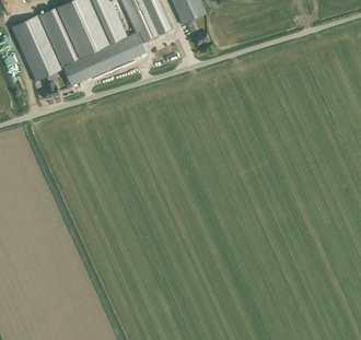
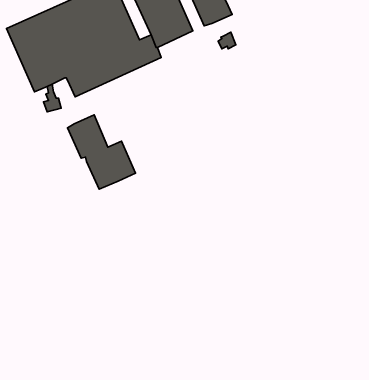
building: none -> [67,115,135,189]

